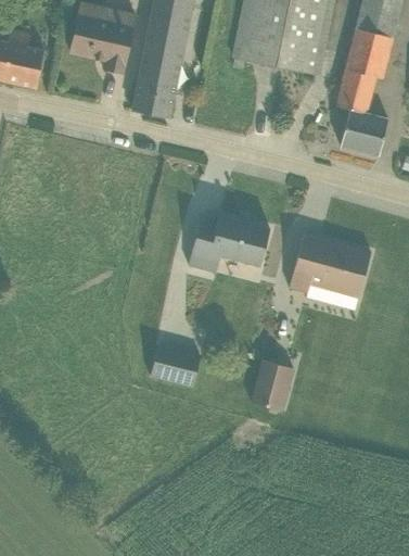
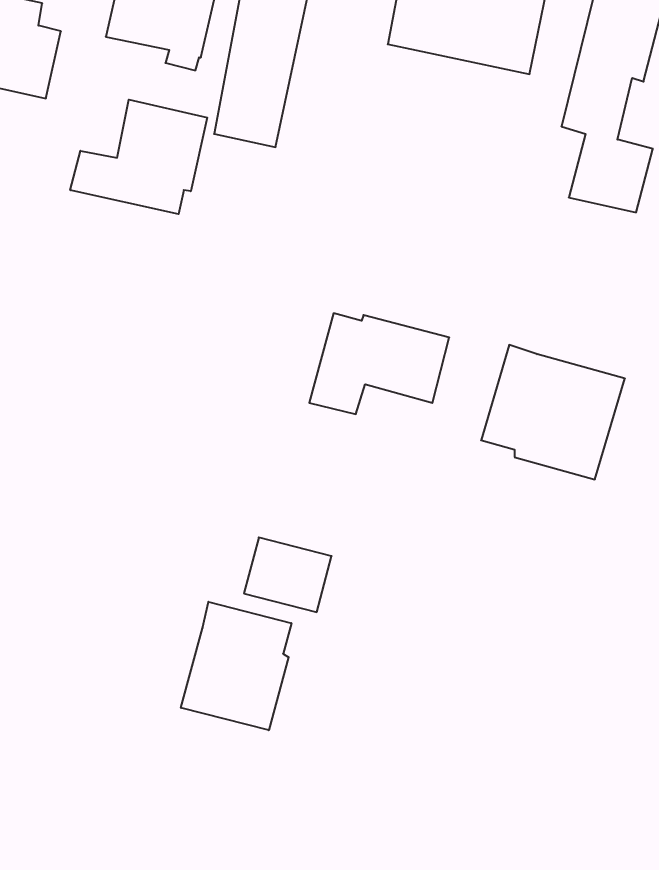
building: none -> [70,100,207,214]
building: [251,359,294,410] -> none
building: none -> [181,602,291,730]

